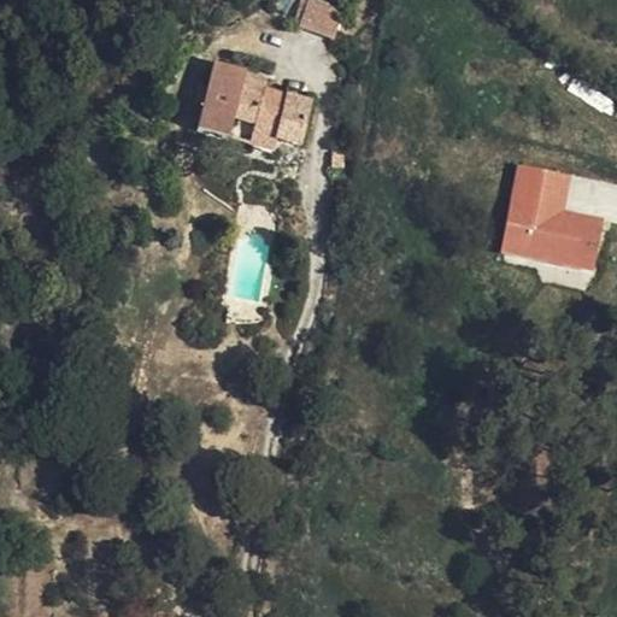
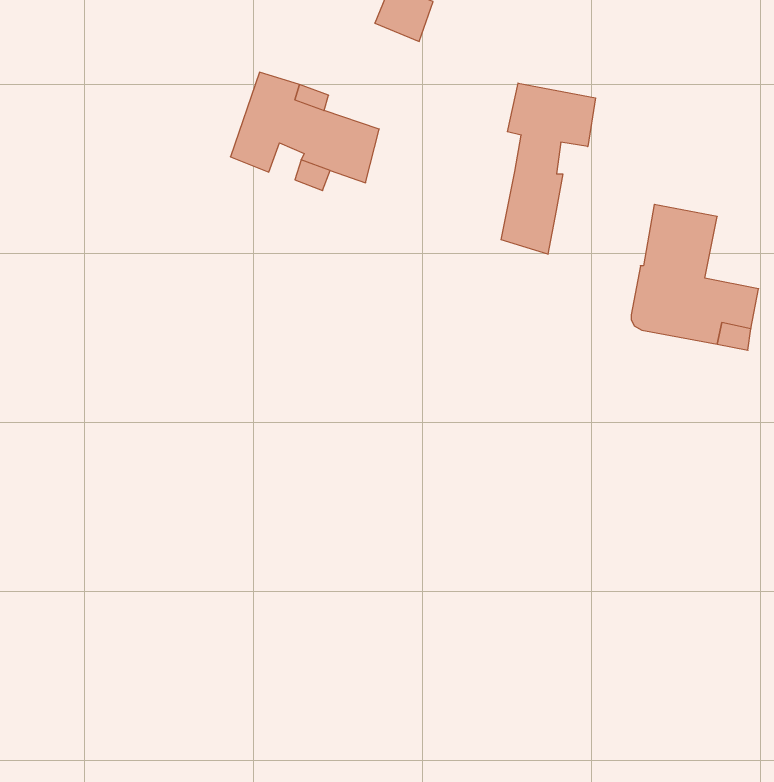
building: none -> [501,83,595,254]

